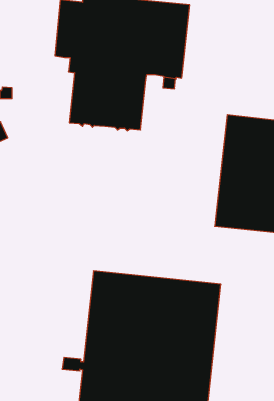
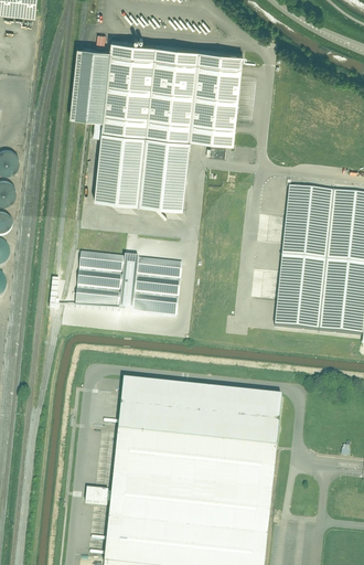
building: none -> [76,254,182,317]

